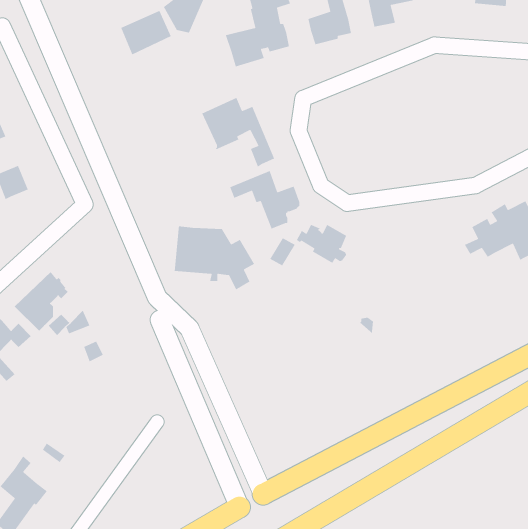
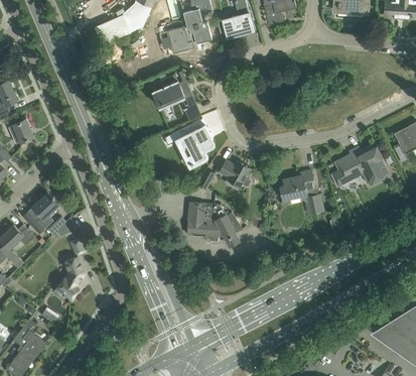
building: [174,226,255,291] -> [186,203,242,247]
building: none -> [279,170,322,215]
building: none -> [58,257,84,298]

